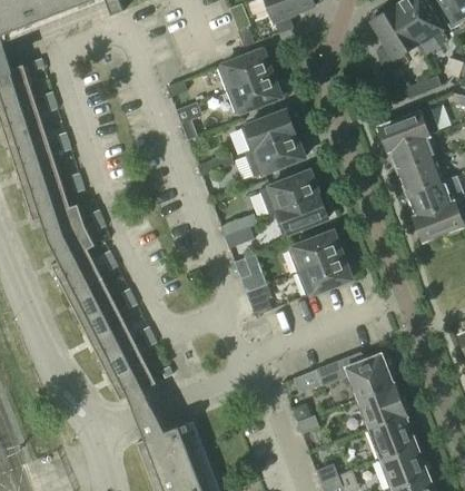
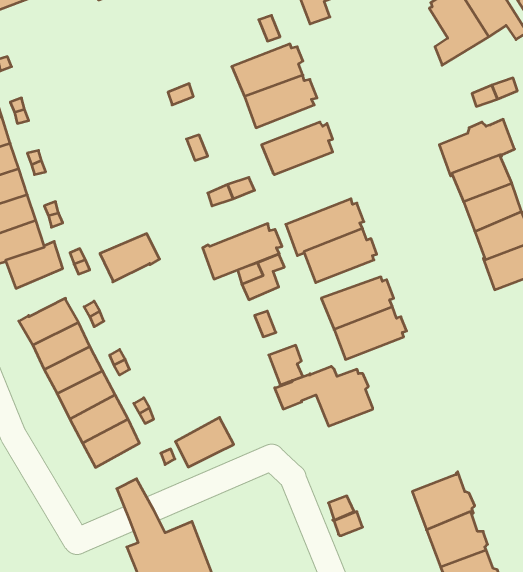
building: [245,134,307,177] -> [203,224,282,279]
building: [48,225,95,263] -> [100,234,160,282]
building: [316,353,393,400] -> [275,366,373,426]
building: [110,362,156,401] -> [175,417,234,467]

